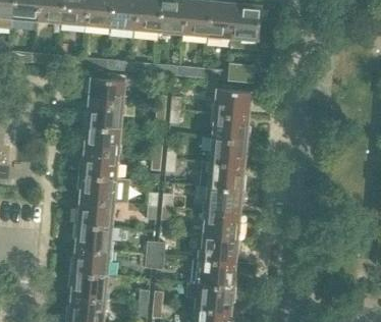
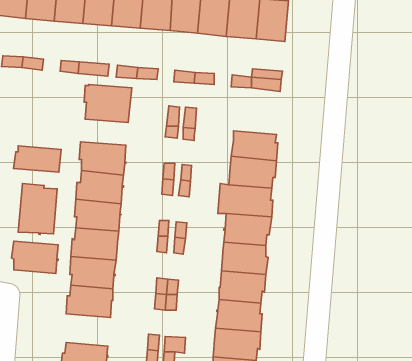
building: [212,89,253,120] -> none
building: [81,107,122,129] -> [13,146,61,172]
building: none -> [18,184,57,234]
building: [67,273,107,301] -> [12,241,58,273]

